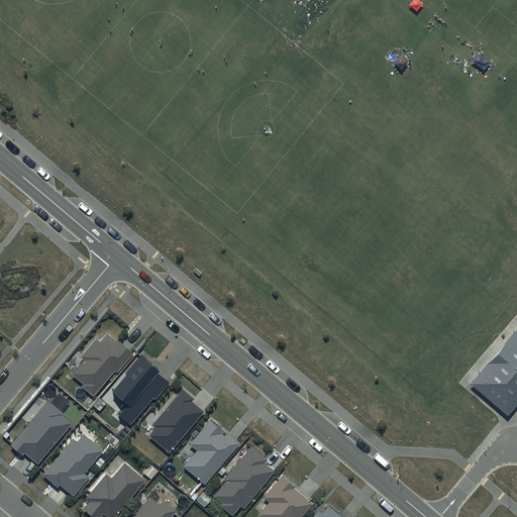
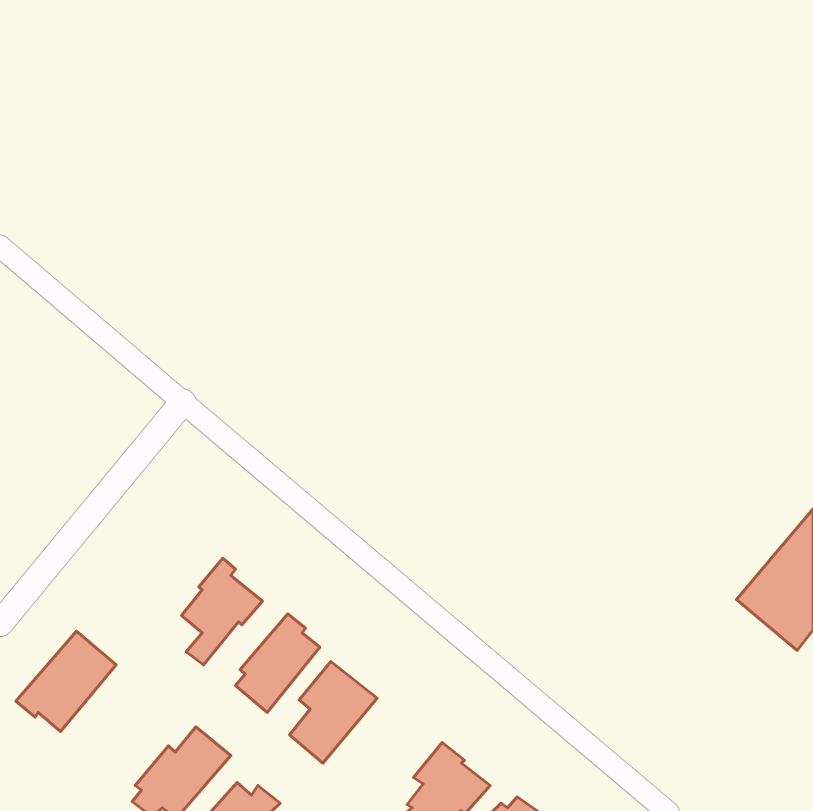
building: [72,335,133,397] -> none
building: [43,435,104,497] -> none
building: [213,443,274,512] -> none

